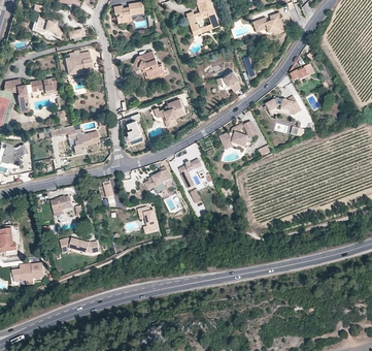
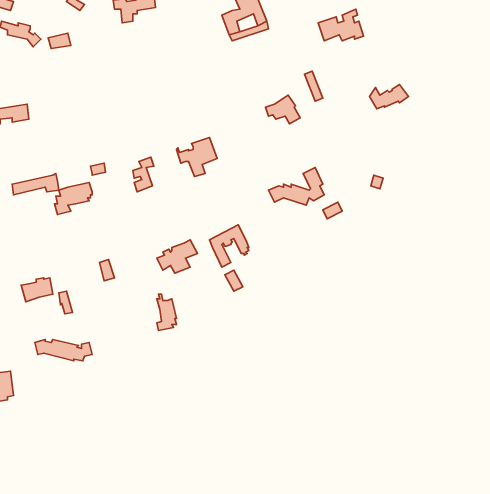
building: [132,50,163,76] -> none
building: [65,51,93,71] -> none
building: [265,96,300,115] -> none

